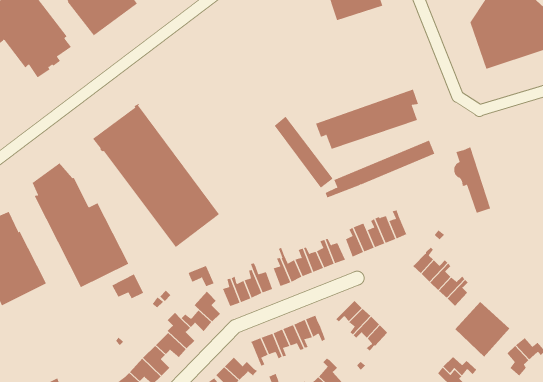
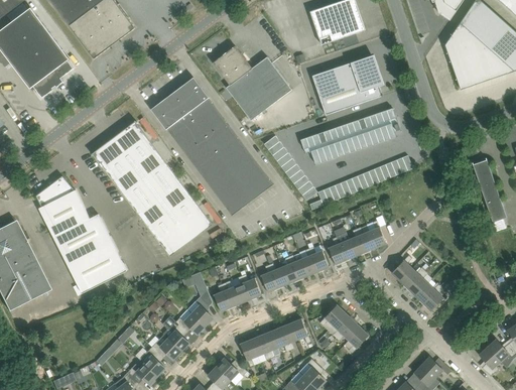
building: none -> [213,47,291,120]
building: none -> [311,55,382,115]
building: none -> [151,78,273,216]
building: [453,147,491,214] -> [471,159,506,222]
building: [111,274,144,299] -> none
building: [455,301,510,357] -> none

